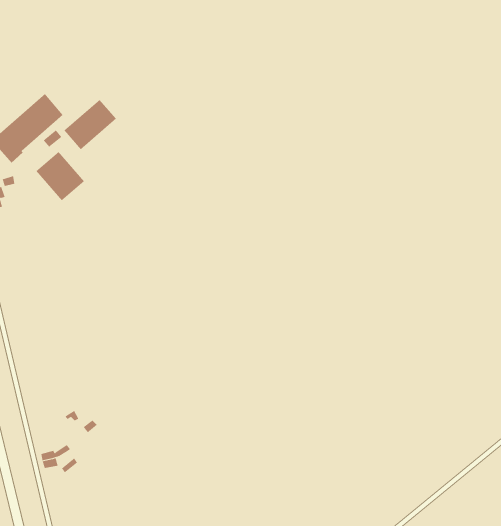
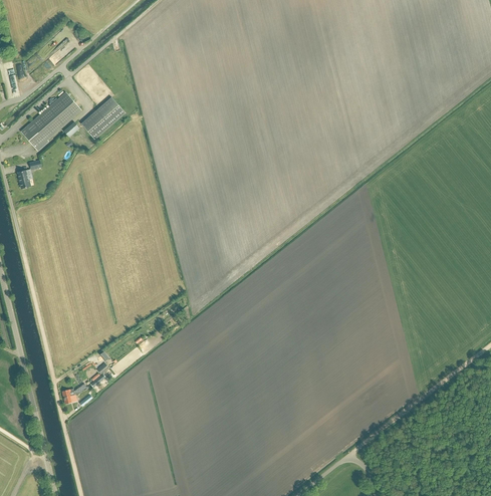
building: [35,151,85,201] -> none

